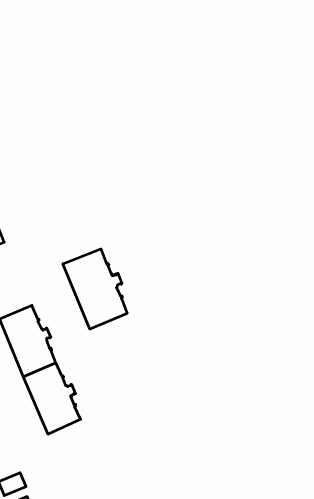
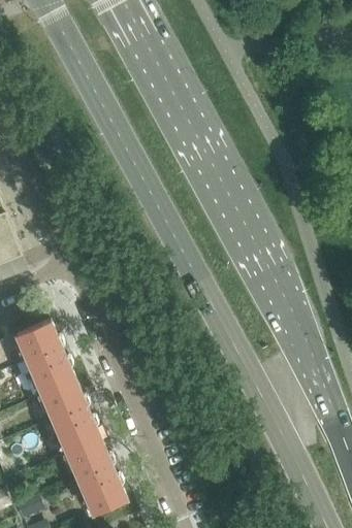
building: [63,249,127,329] -> none
building: none -> [66,439,126,514]

